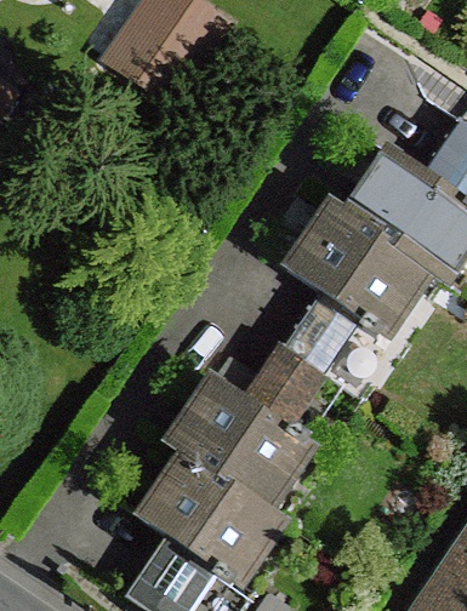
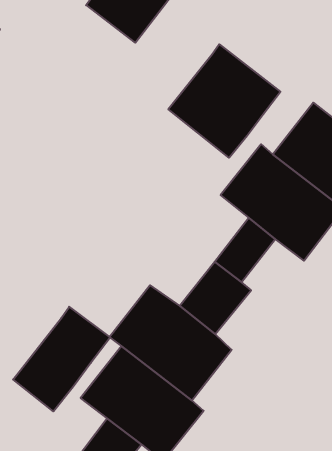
building: none -> [168,44,280,158]
building: none -> [13,307,110,411]

